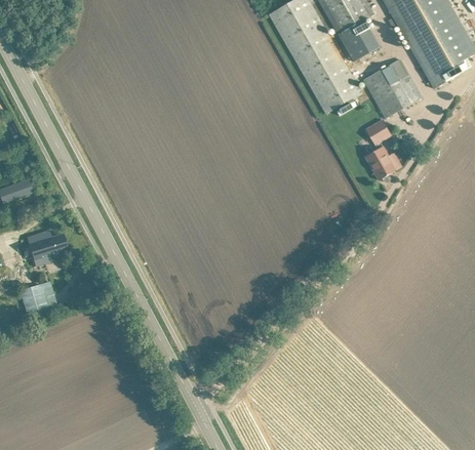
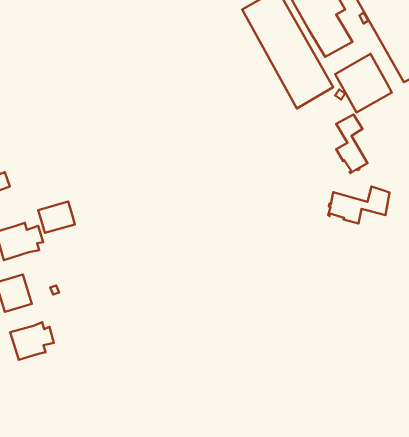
building: none -> [328,187,390,223]
building: none -> [38,202,75,233]
building: none -> [10,322,54,360]

